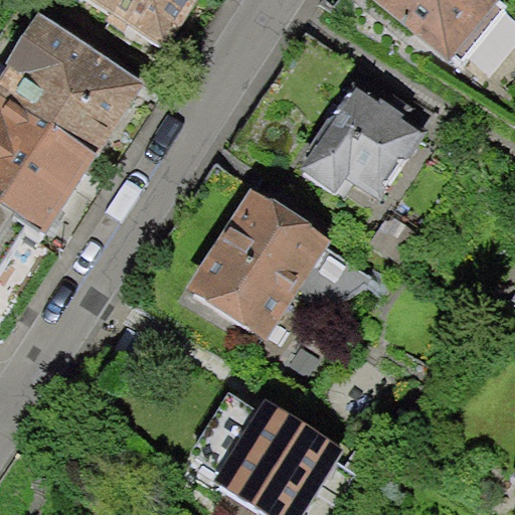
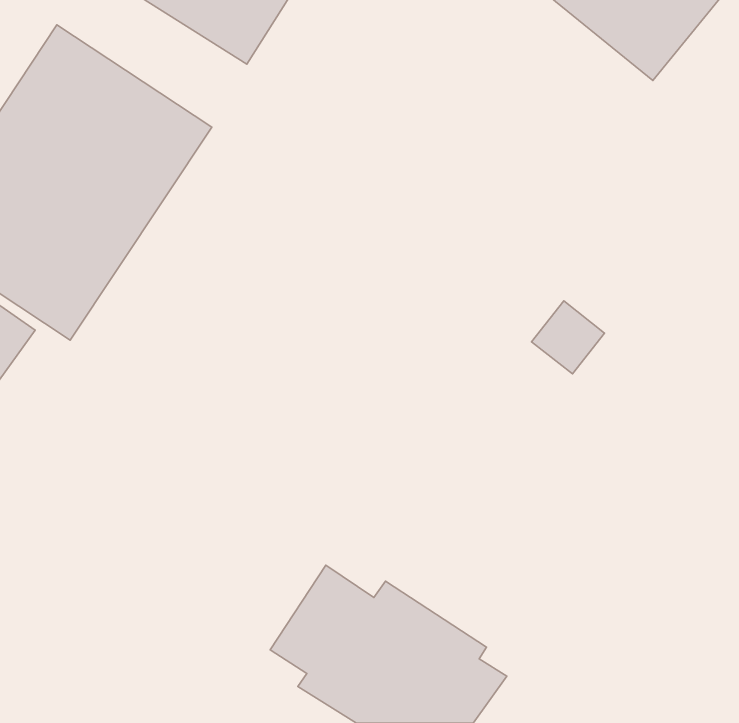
building: [298,81,420,191] -> none
building: [179,187,378,343] -> none

